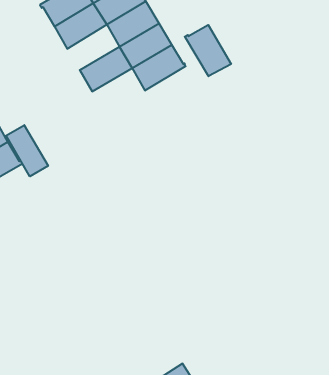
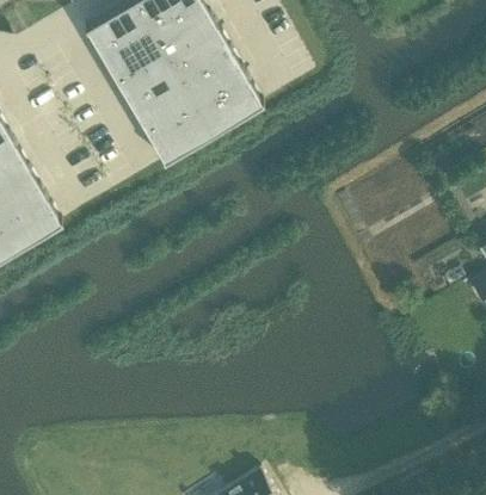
building: none -> [117,54,182,110]
building: [185,25,231,76] -> none
building: none -> [148,107,213,163]
building: [6,125,48,176] -> none

